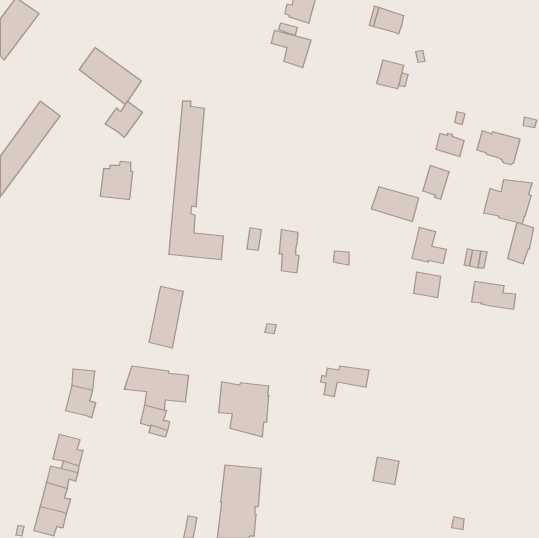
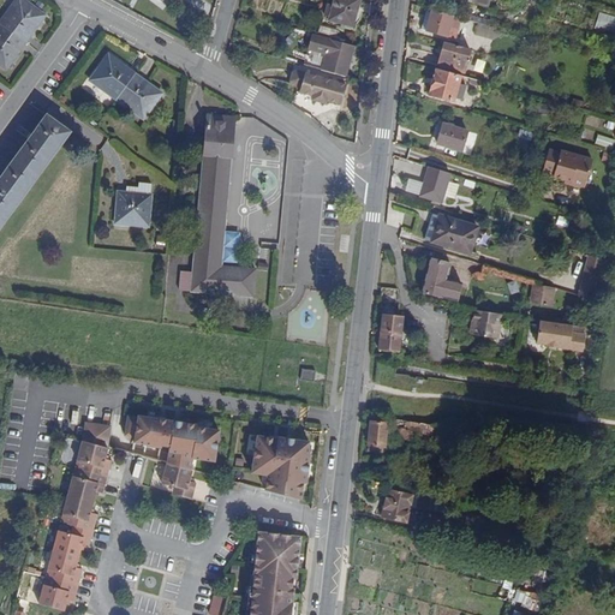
building: none -> [437,42,470,72]
building: none -> [288,70,346,103]
building: [105,101,142,137] -> none
building: [436,133,464,157] -> [434,123,466,149]
building: [423,166,449,199] -> [419,166,449,204]
building: [484,180,532,224] -> none
building: [412,227,447,263] -> [422,257,461,298]
building: [279,229,299,273] -> [377,301,400,351]
building: [149,286,183,348] -> none
building: none -> [121,414,150,442]
building: none -> [67,467,105,501]
building: [373,457,399,485] -> [382,490,412,521]

